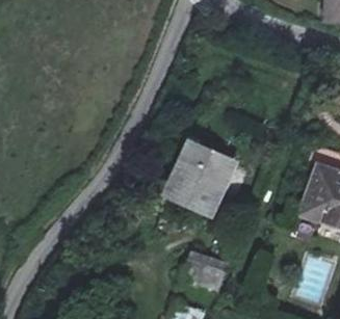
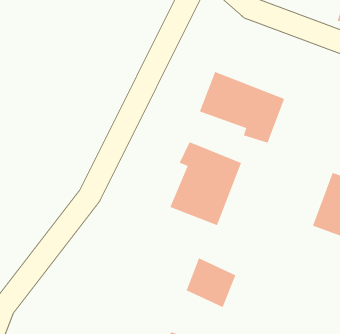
building: none -> [199,71,285,143]

